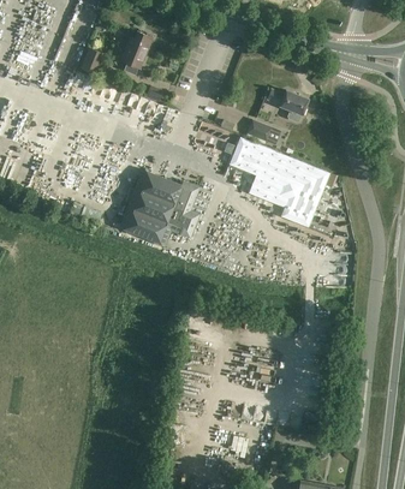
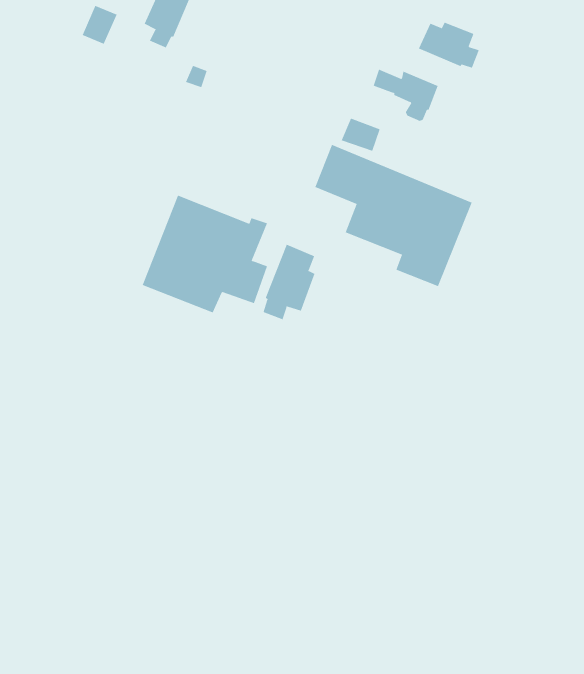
building: none -> [418,22,480,69]
building: none -> [263,244,315,320]

